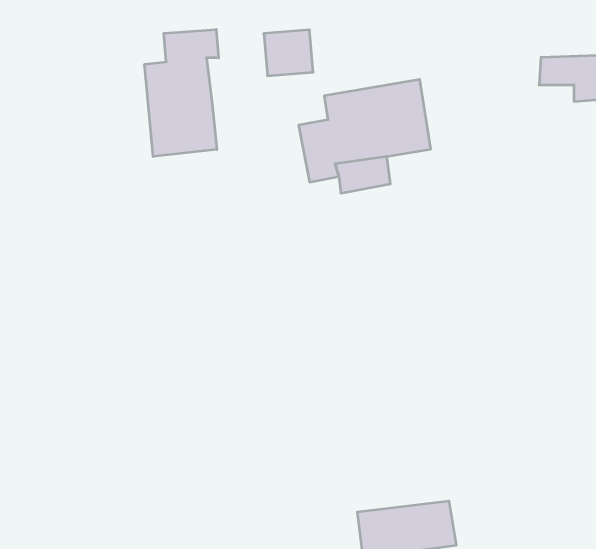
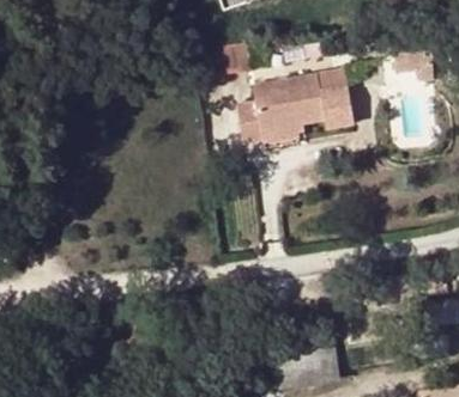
building: [145,29,219,157] -> none
building: none -> [316,71,350,121]

